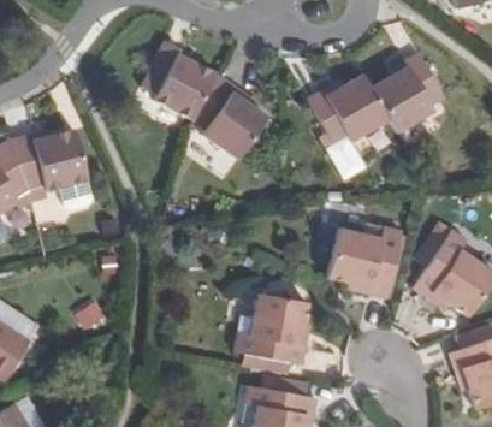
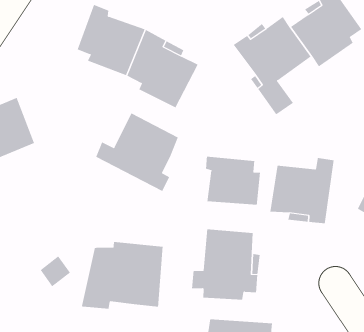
building: none -> [95,113,179,192]
building: none -> [205,156,261,206]
building: none -> [81,241,163,309]

